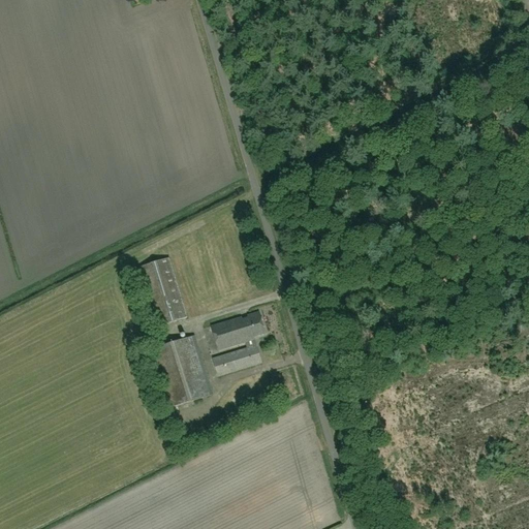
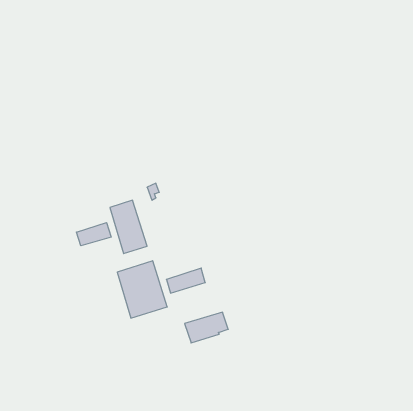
building: none -> [76,223,111,246]
building: [211,310,267,349] -> [185,312,228,343]

